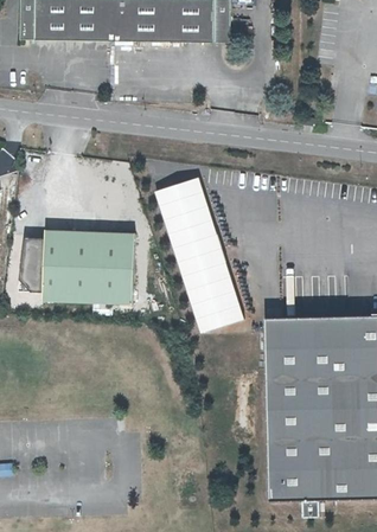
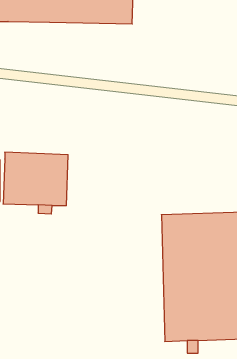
building: [154,175,244,332] -> none

